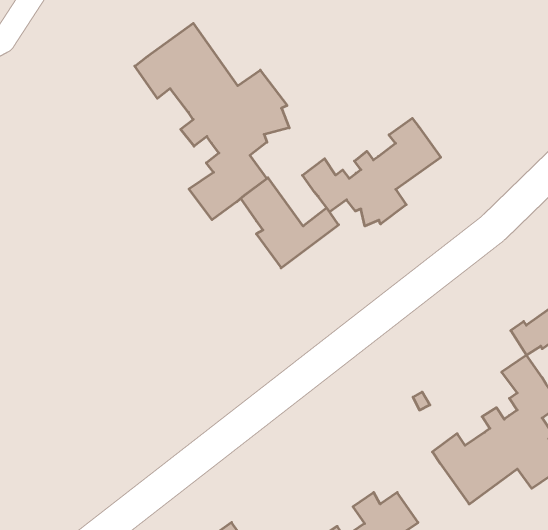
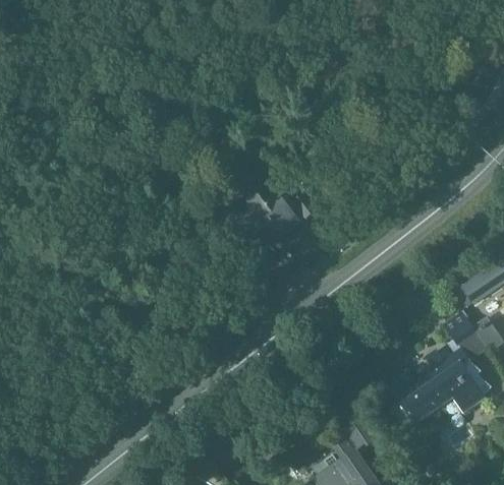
building: [135,23,289,220] -> none
building: [302,118,441,226] -> none

